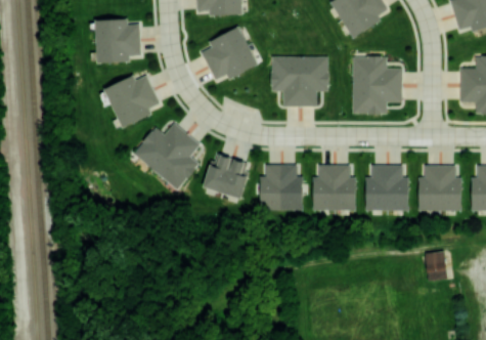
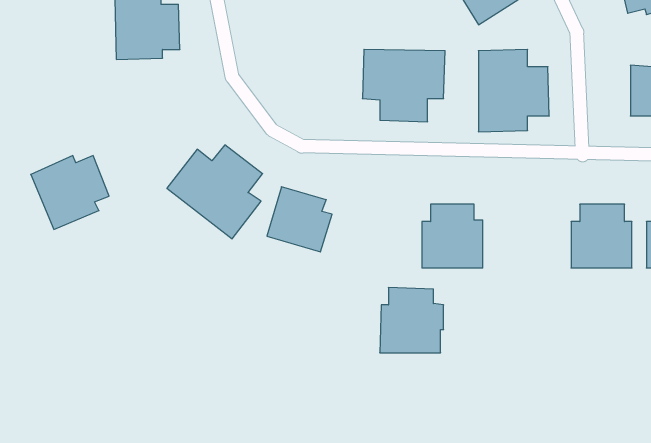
building: [202,26,258,80] -> none
building: [104,75,160,127] -> [31,156,109,229]
building: [260,164,305,210] -> [380,288,444,353]
building: [365,165,409,210] -> none
building: [427,250,450,283] -> none

